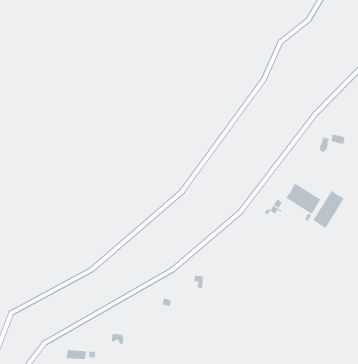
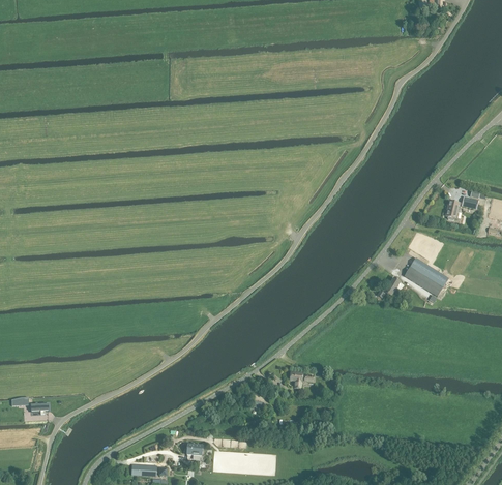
building: [313,190,345,229] -> none

